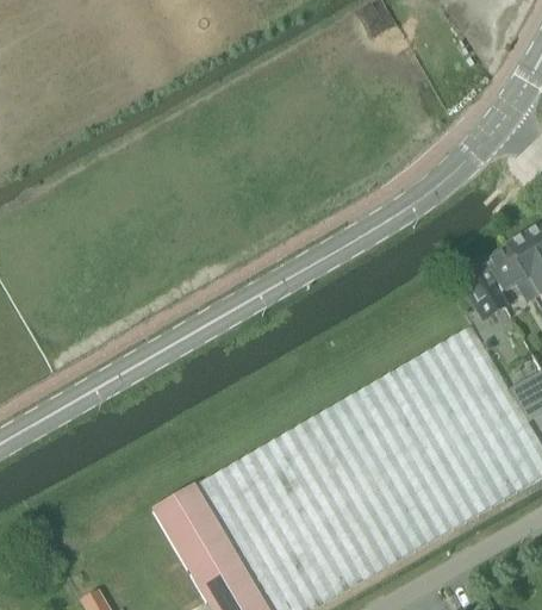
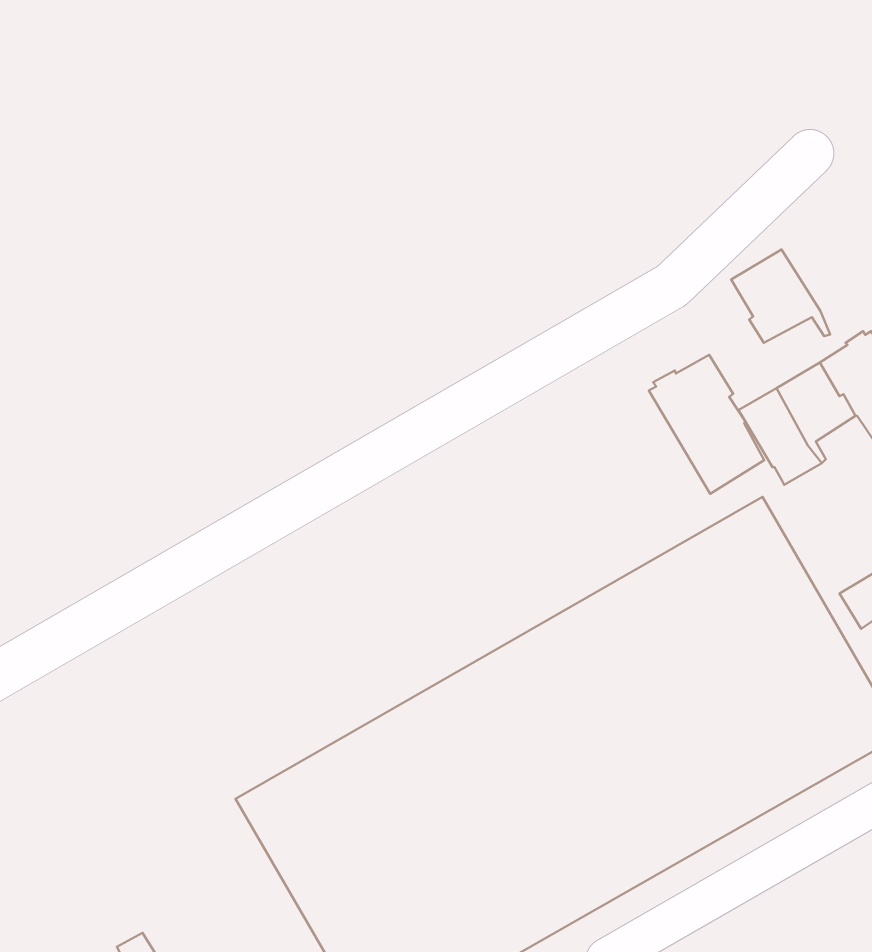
building: none -> [731,250,830,343]
building: none -> [649,355,764,494]

